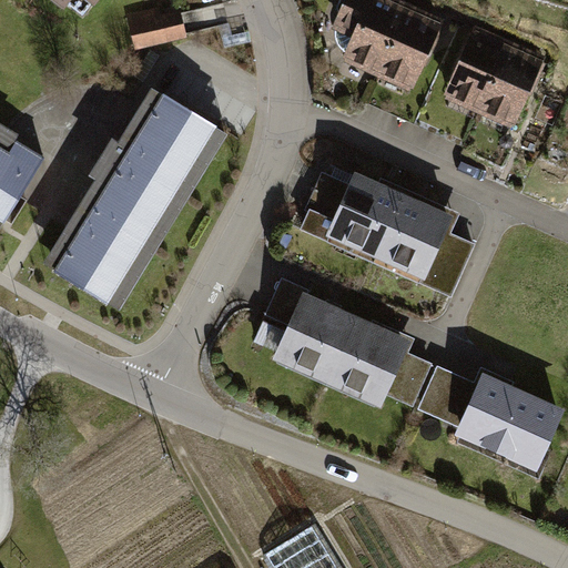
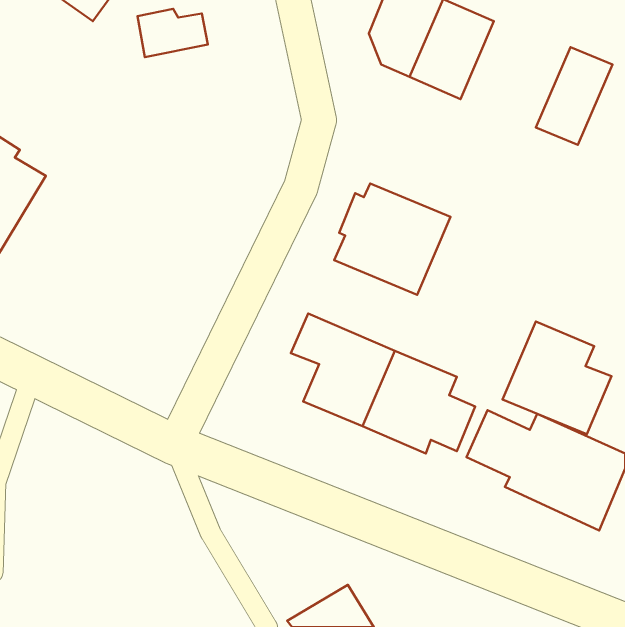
building: [443,26,511,114] -> none
building: [43,88,226,308] -> none
building: [374,194,471,295] -> [503,322,611,434]

